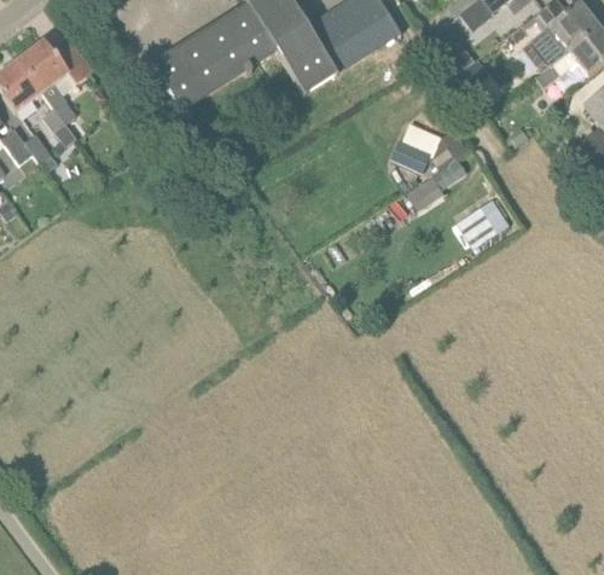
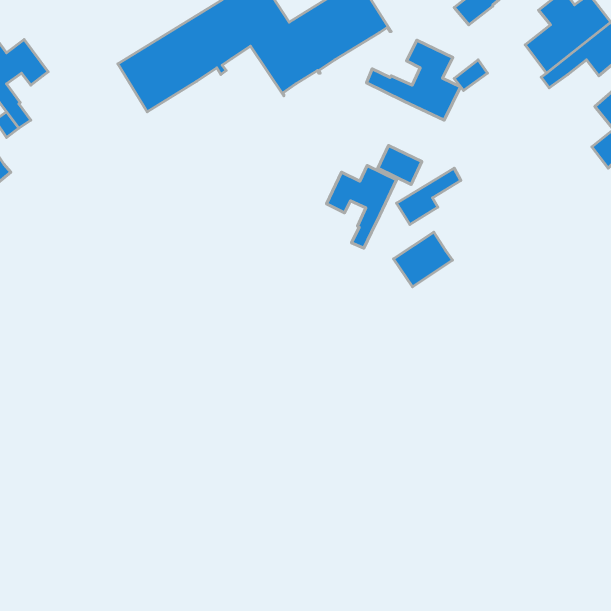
building: none -> [366,40,460,120]
building: none -> [326,165,397,248]
building: [457,198,510,248] -> [394,232,453,287]

